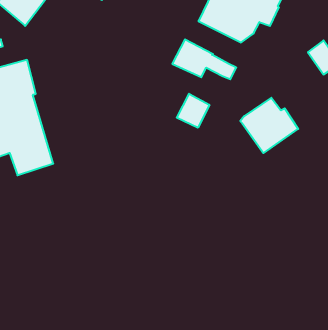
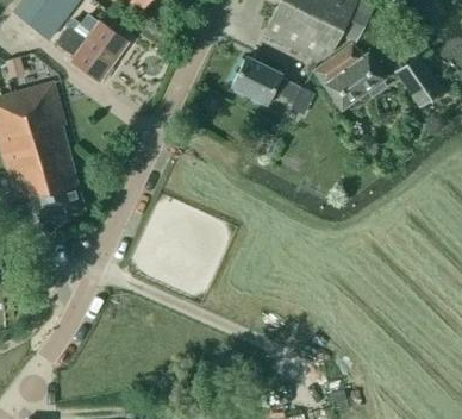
building: none -> [54,21,127,81]
building: [177,94,209,128] -> none
building: [240,98,298,153] -> [313,42,385,110]

